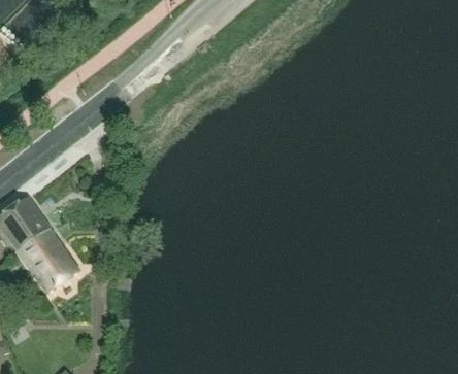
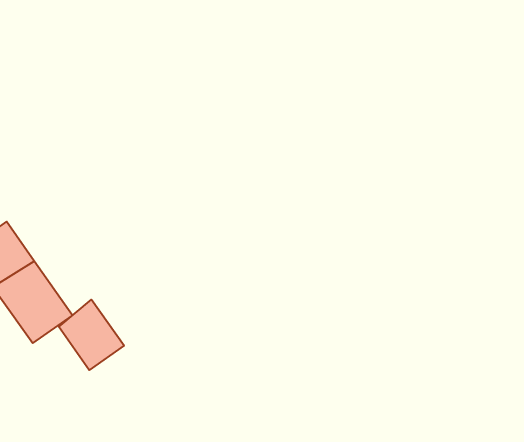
building: none -> [59,300,124,370]

